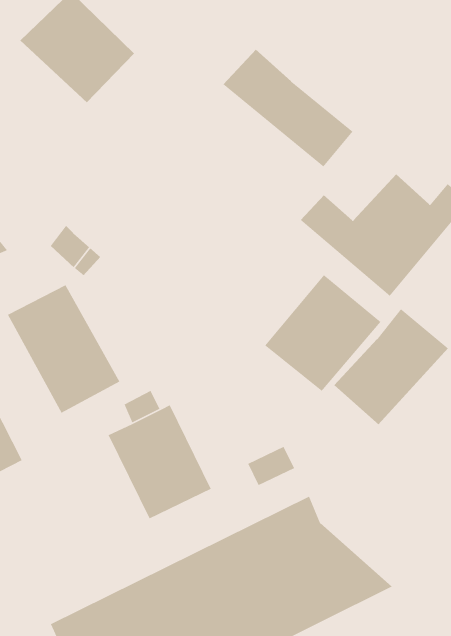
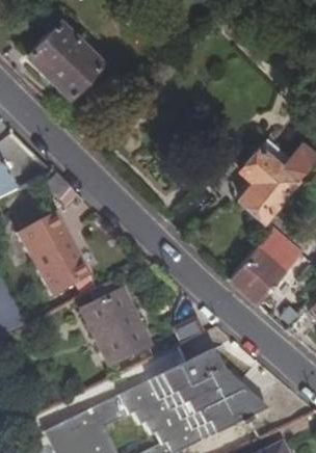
building: [223,49,354,167] -> none
building: [264,274,382,392] -> none

